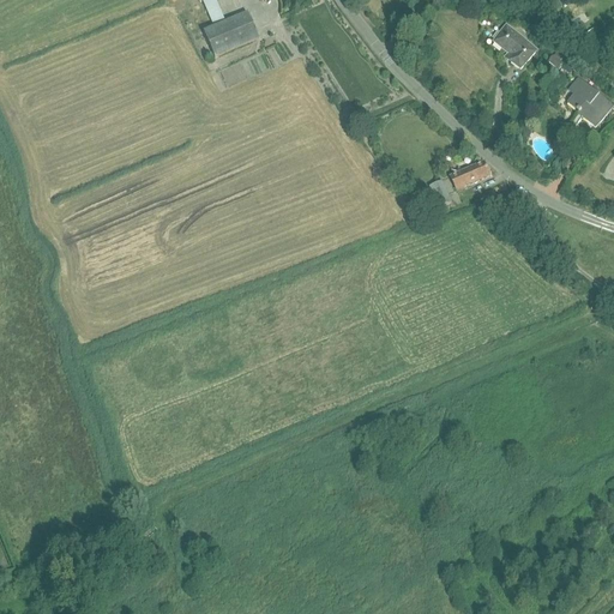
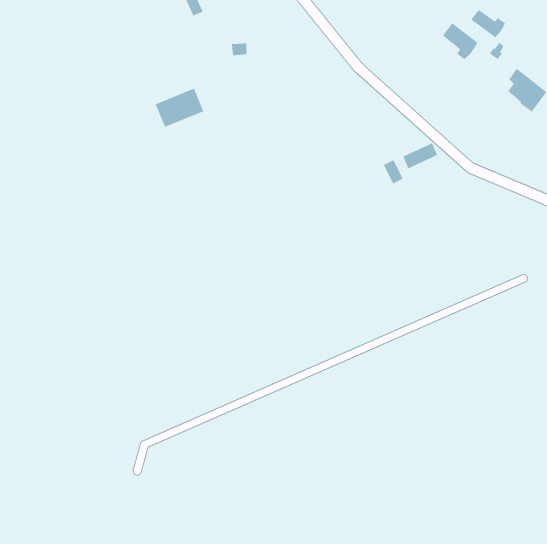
building: none -> [471,9,506,38]
building: [203,11,258,55] -> [155,88,204,128]

